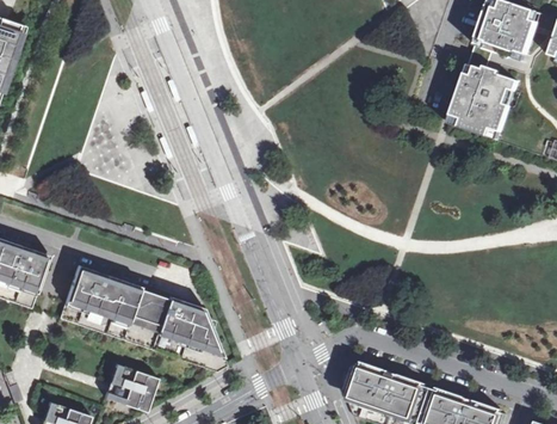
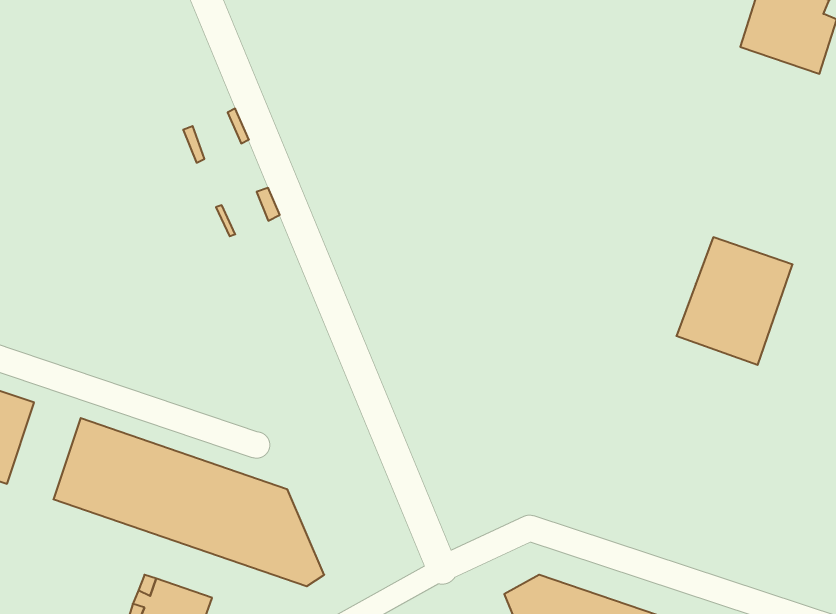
building: [448,60,520,139] -> [676,237,793,365]

